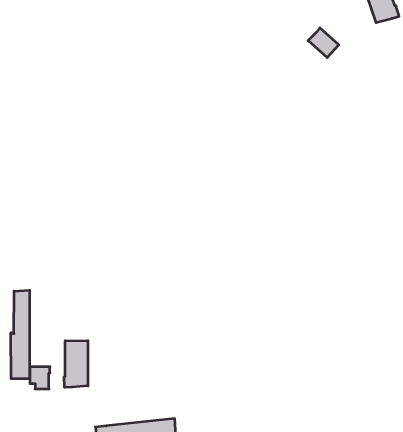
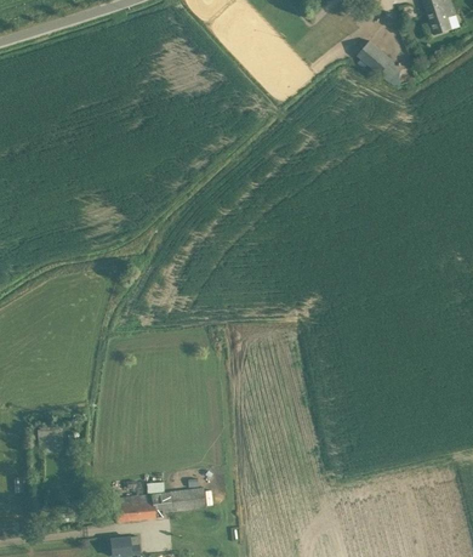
building: [11,290,30,379] -> none
building: [64,341,88,387] -> none

